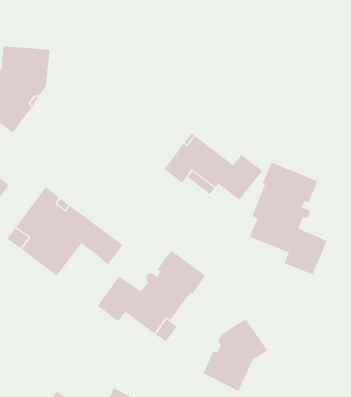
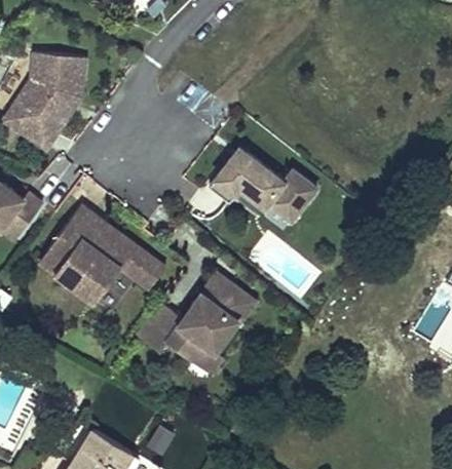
building: [249,162,327,275] -> none
building: [203,318,268,392] -> none

